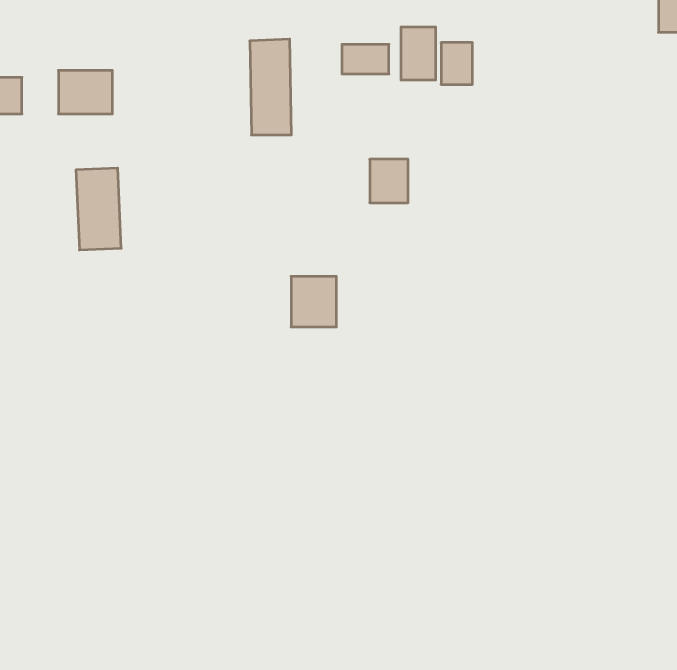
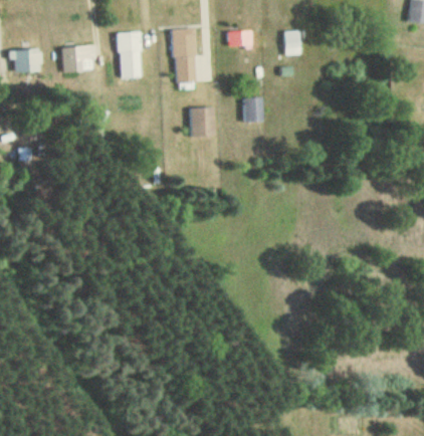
building: [401,27,436,80] -> none
building: [76,168,121,250] -> [117,31,143,78]
building: [291,276,336,327] -> [189,107,215,137]

